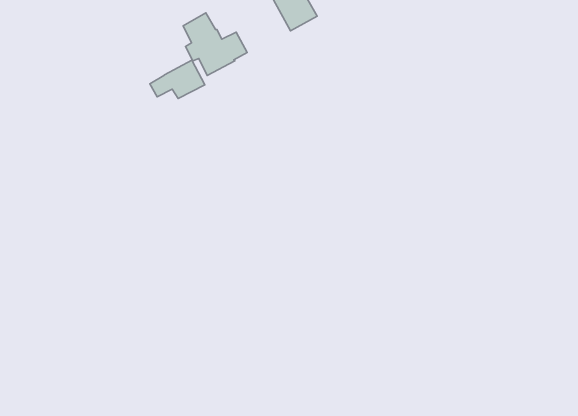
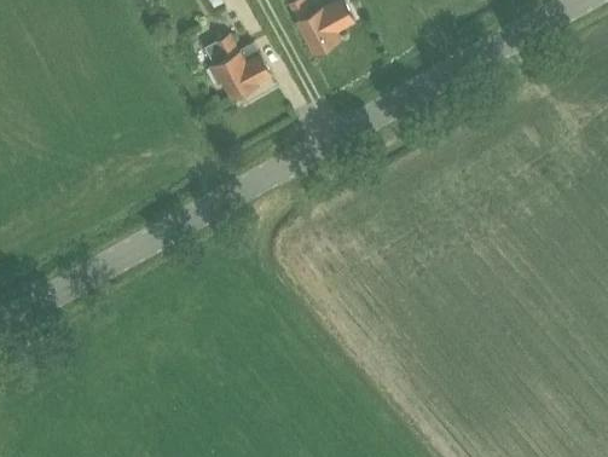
building: [150,60,205,98] -> none

